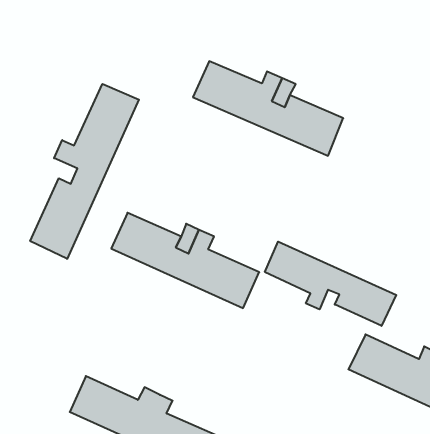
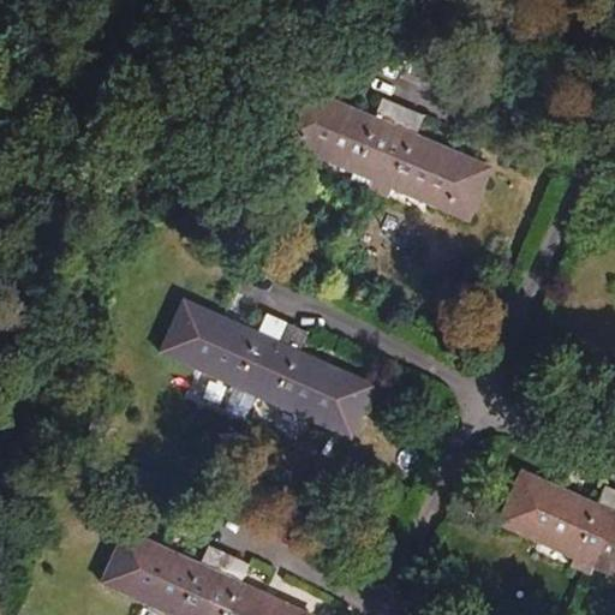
building: [30,84,139,259] -> none
building: [265,242,396,326] -> none

